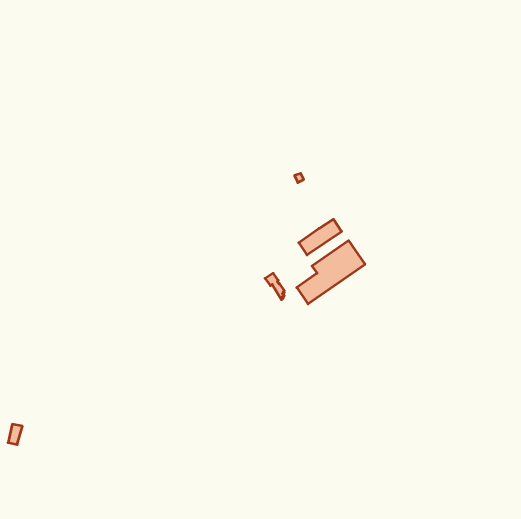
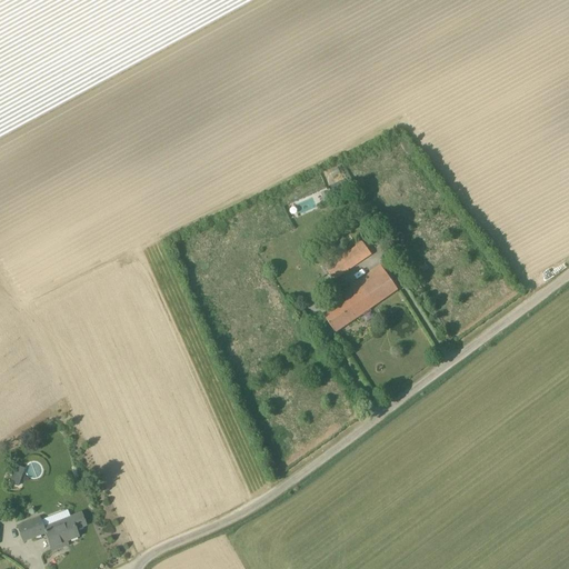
building: none -> [17,511,86,550]

